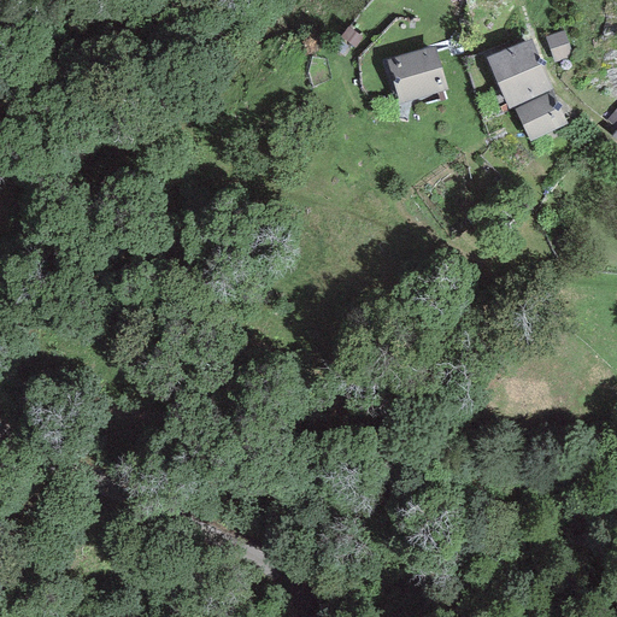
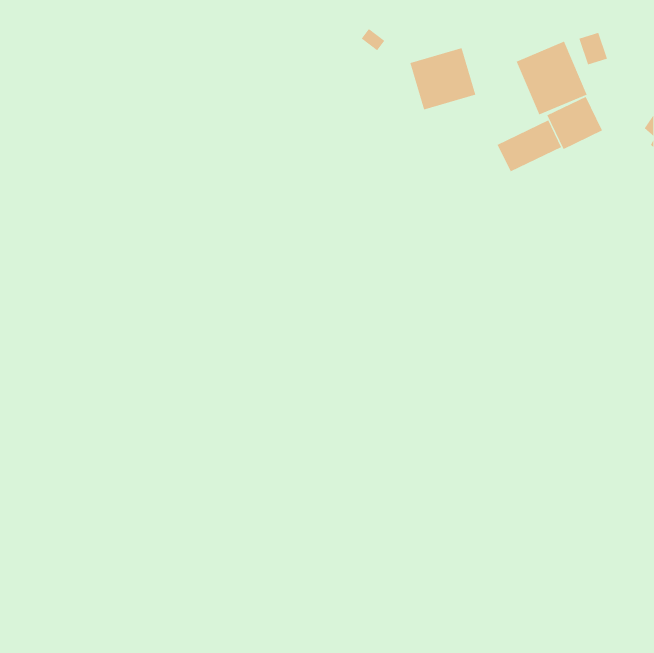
building: none -> [497,119,562,172]

